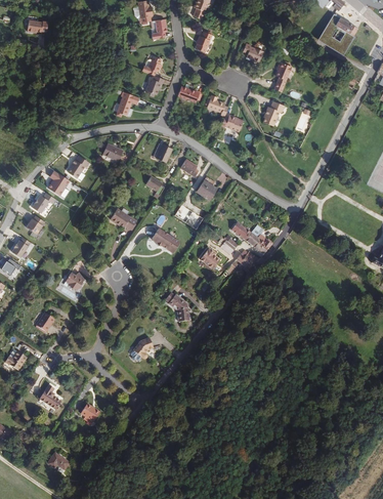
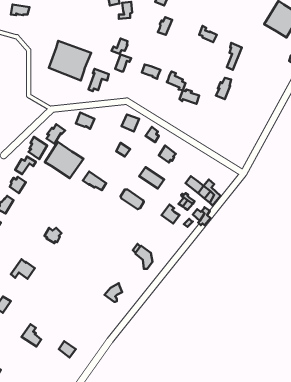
building: none -> [49,41,91,80]
building: none -> [45,142,83,178]

